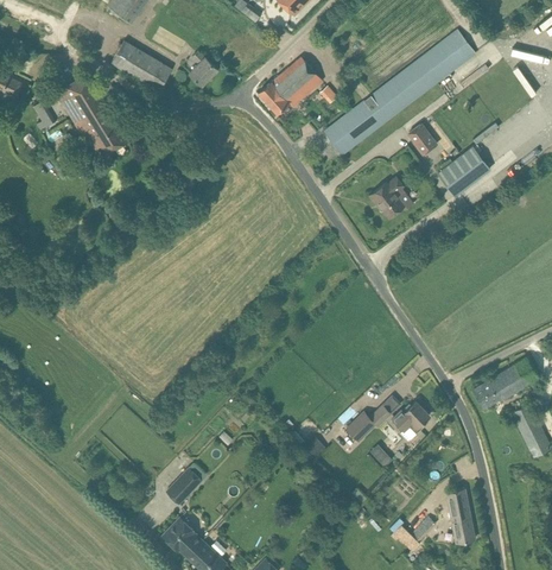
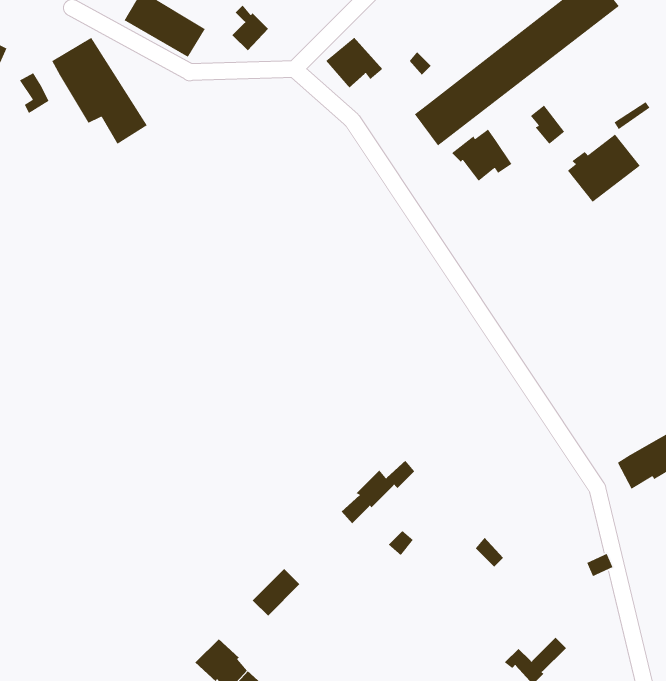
building: [280,57,323,99] -> none
building: [369,178,414,217] -> [451,129,512,182]
building: [392,401,429,431] -> none
building: [336,405,391,452] -> [341,460,415,524]
building: [166,468,202,504] -> [252,568,300,617]
building: [445,489,475,543] -> none

